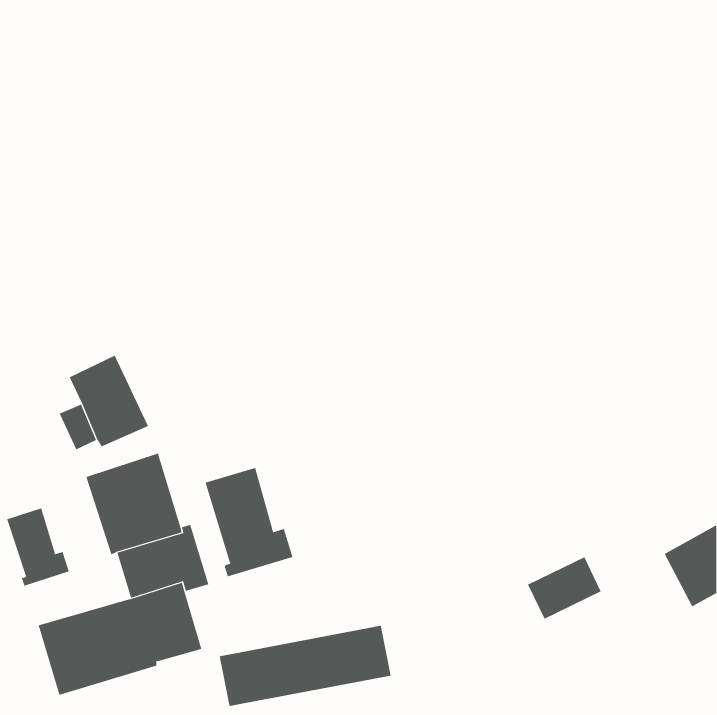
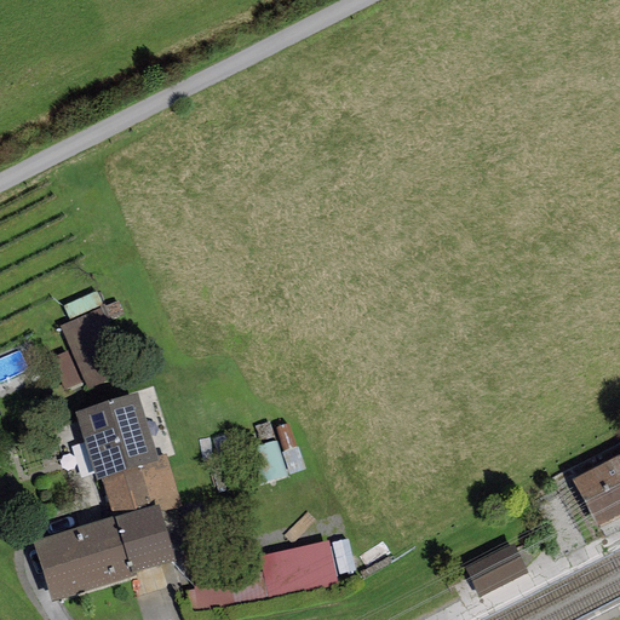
building: [205,467,293,577] -> none
building: [7,508,70,586] -> none
building: [527,557,602,620] -> [464,542,528,597]

